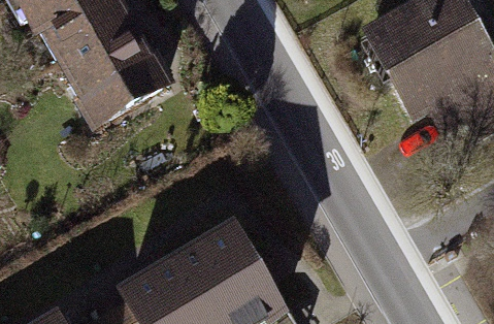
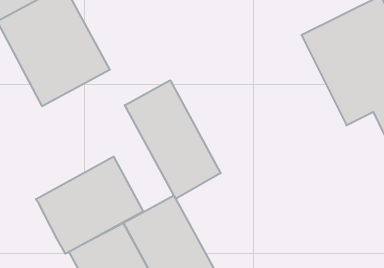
building: none -> [125,80,221,199]
building: none -> [36,157,143,254]

